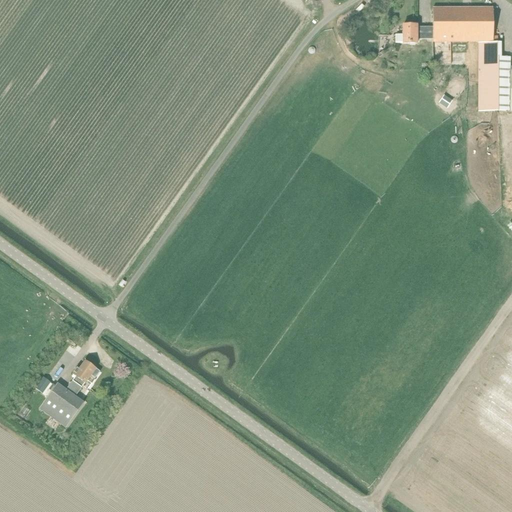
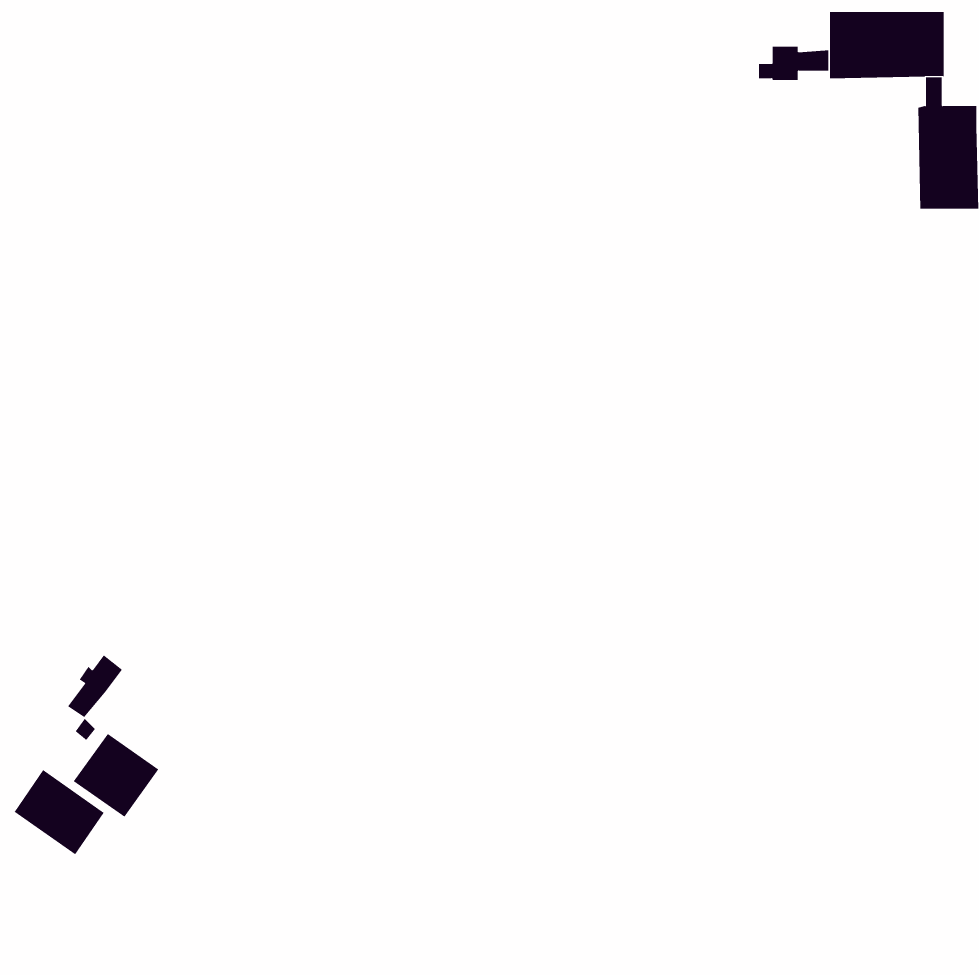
building: [67,359,96,392] -> [67,654,123,718]
building: none -> [14,769,105,855]

